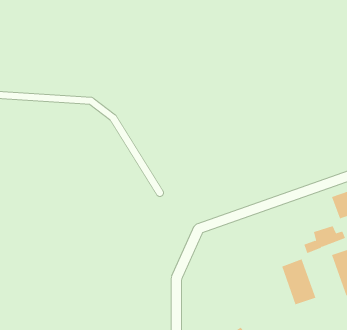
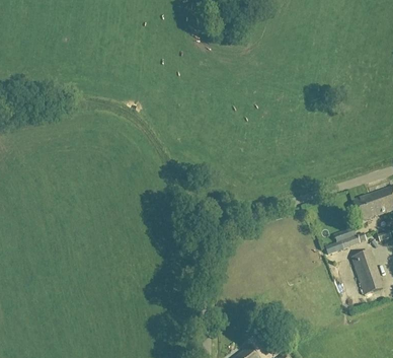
building: [282,258,316,305] -> none

